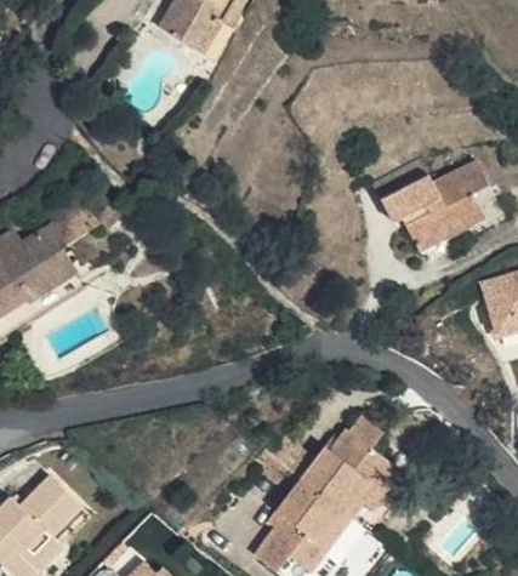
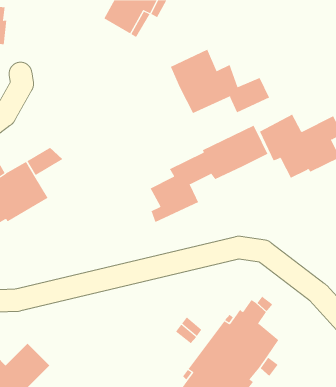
building: none -> [170,49,270,114]
building: none -> [150,125,268,223]

